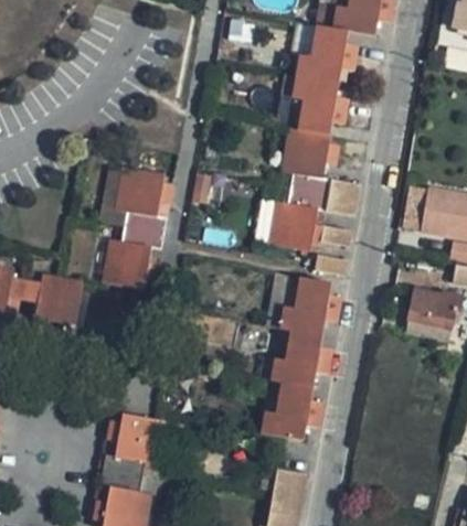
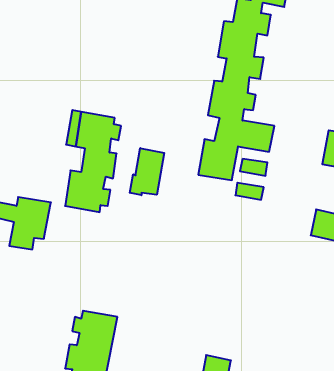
building: none -> [130,148,164,195]
building: [261,277,342,442] -> none

